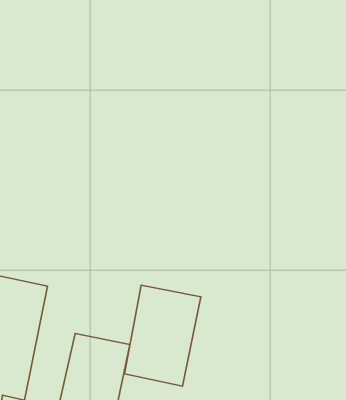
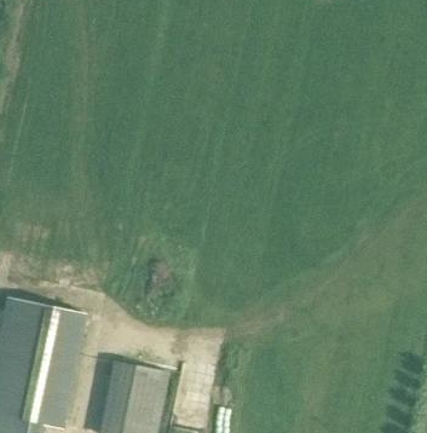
building: [124,285,201,386] -> none

